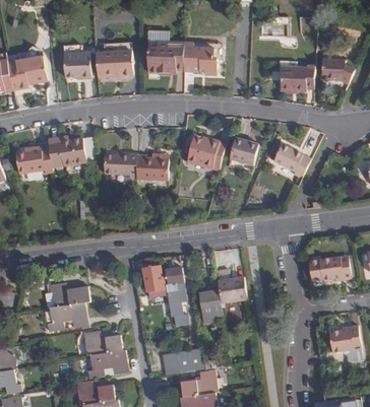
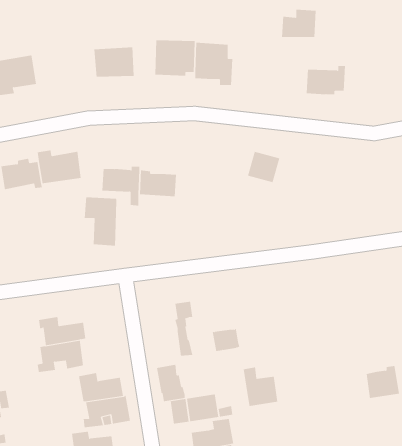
building: [65,50,90,78] -> none
building: [320,60,354,86] -> none
building: [186,136,225,166] -> none
building: [272,144,310,179] -> none
building: none -> [84,196,117,246]
building: [308,255,350,281] -> none
building: [142,265,168,297] -> [156,364,185,402]
building: [217,269,247,303] -> [243,367,278,407]

